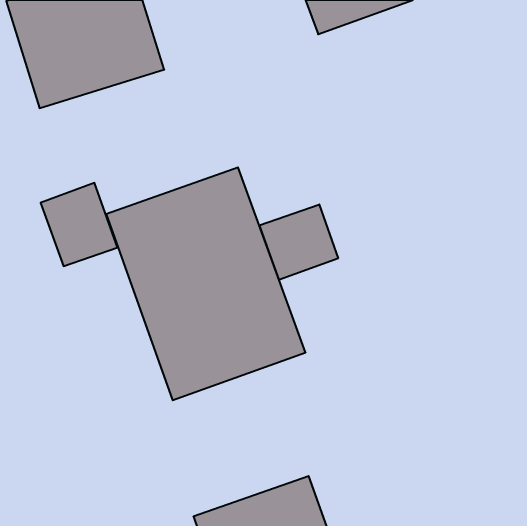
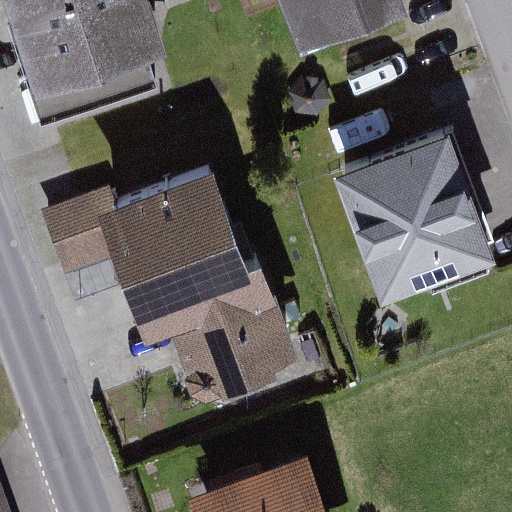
building: none -> [332,134,494,305]
building: [260,204,338,280] -> none

